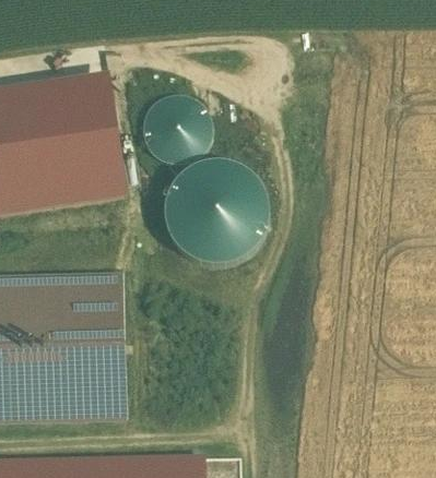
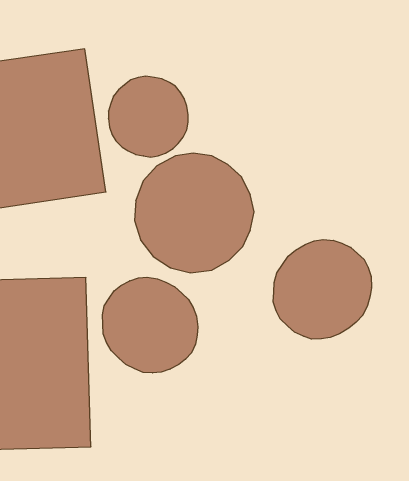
building: none -> [273,240,371,339]
building: none -> [102,277,198,373]

